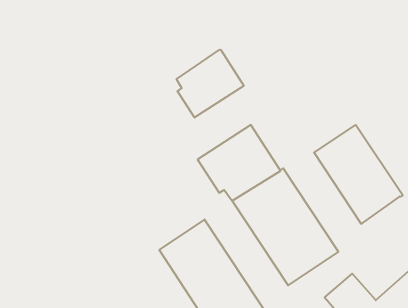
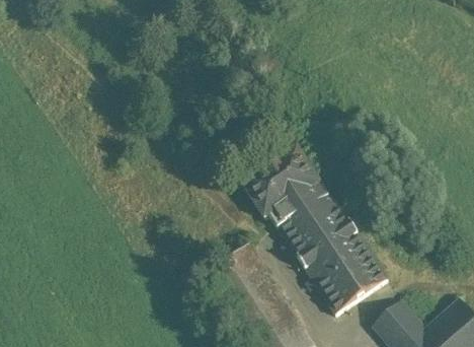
building: [177,50,244,118] -> none
building: [314,125,403,224] -> none

